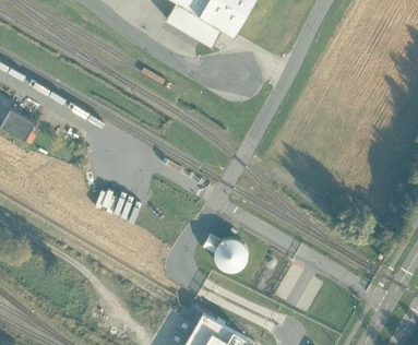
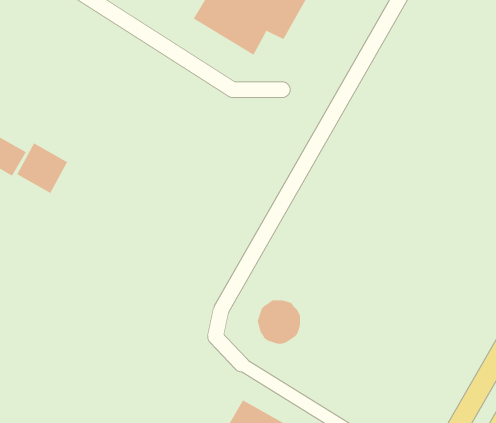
building: none -> [16,143,68,194]

